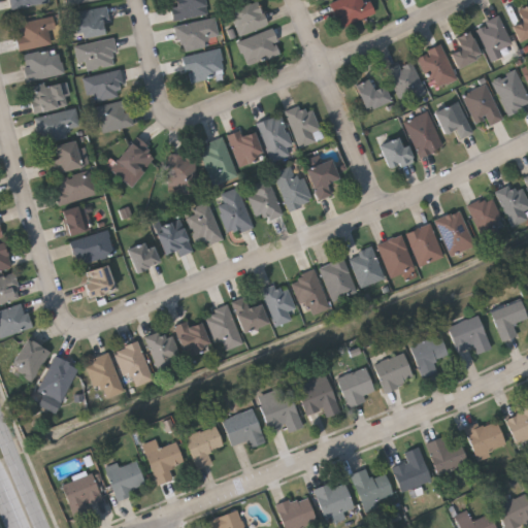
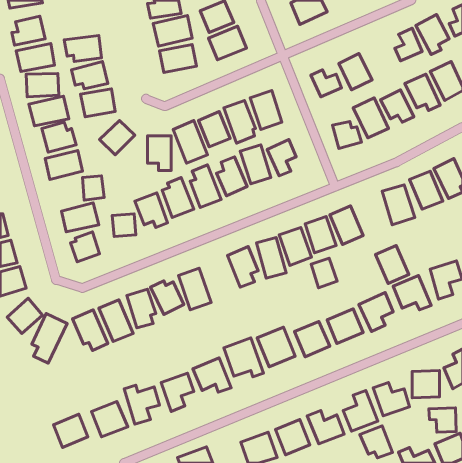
building: [74,7,110,40] -> none
building: [418,46,456,90] -> none
building: [63,206,88,234] -> [82,176,104,200]
building: [405,223,443,266] -> [375,245,409,284]
building: none -> [311,258,337,288]
building: [231,297,267,334] -> none
building: none -> [429,408,456,432]
building: none -> [360,426,392,458]

